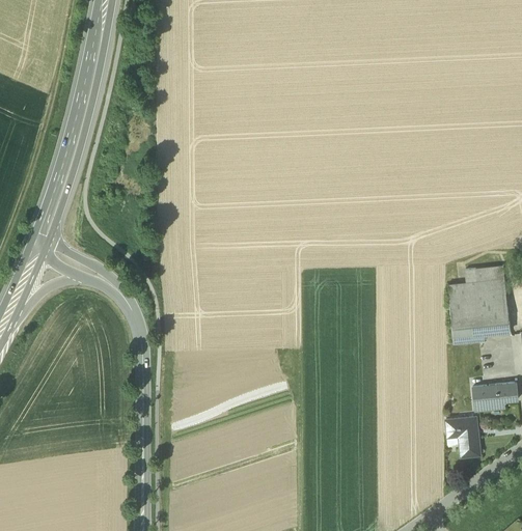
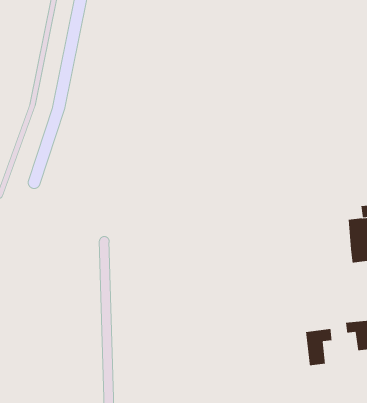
building: none -> [305,328,333,366]

